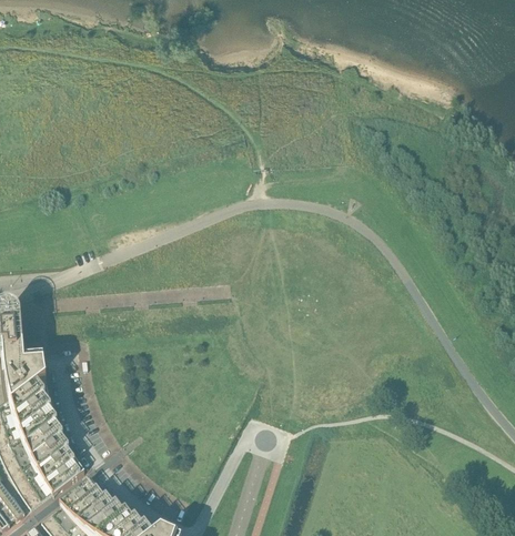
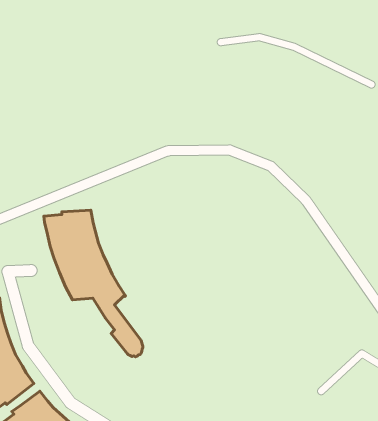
building: none -> [44,210,143,357]

